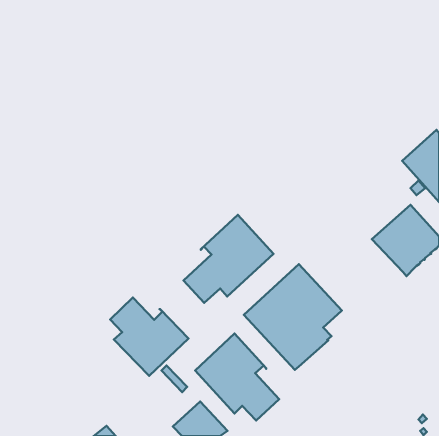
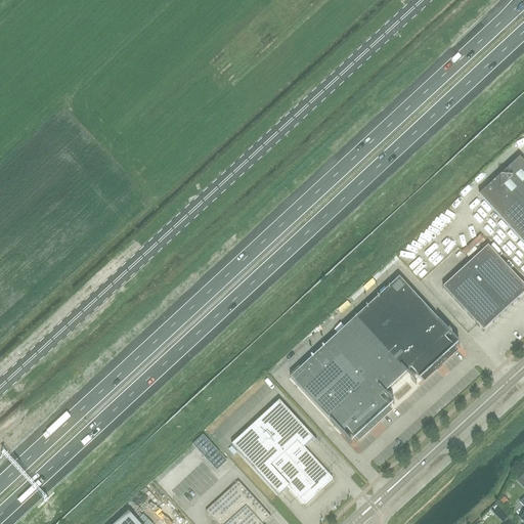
building: [183,215,273,303] -> none
building: none -> [356,275,460,381]
building: [110,297,188,376] -> none

